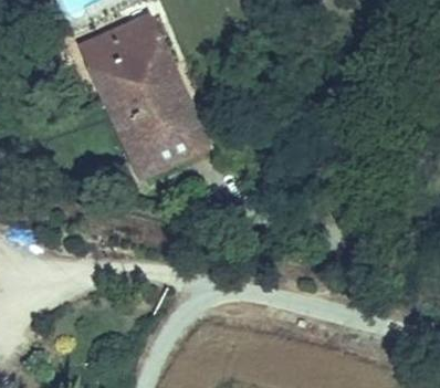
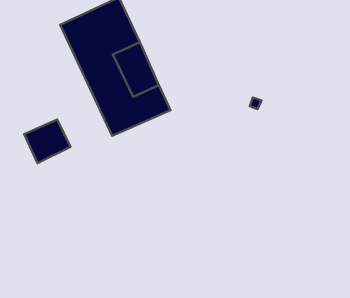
building: none -> [24,119,71,163]

